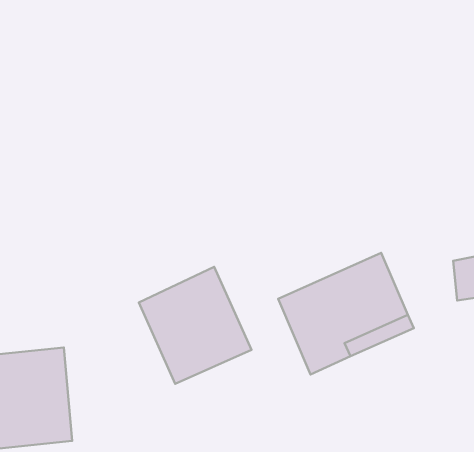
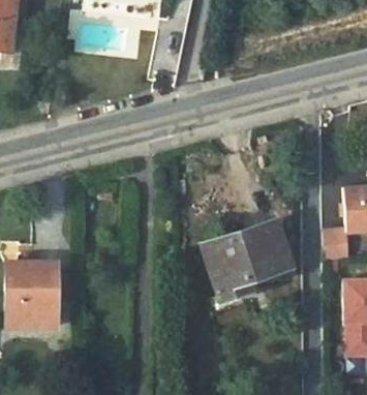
building: [139,267,251,384] -> none

